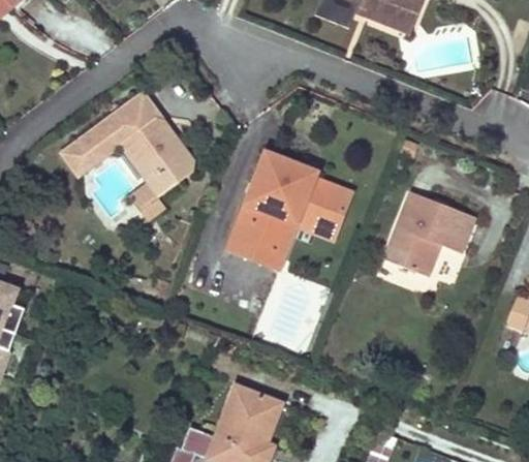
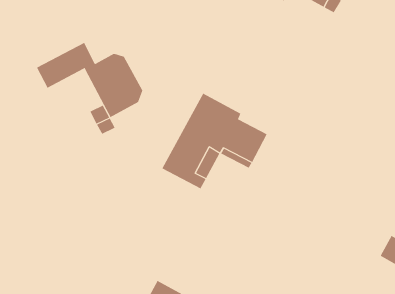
building: [113,89,163,133] -> none
building: [381,191,471,277] -> none

